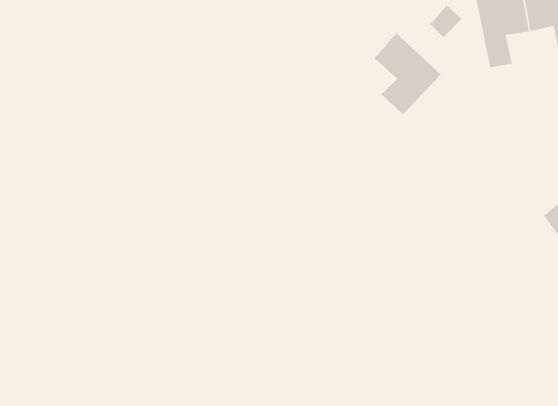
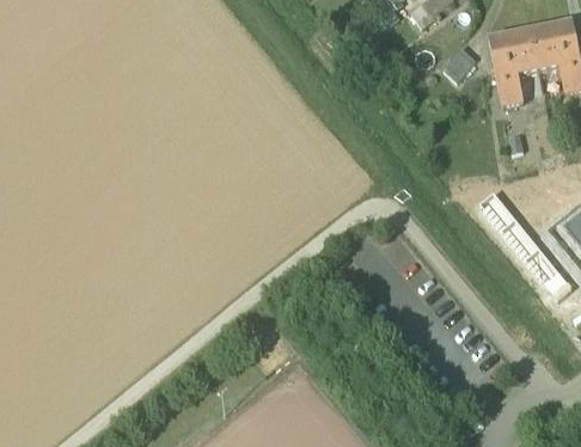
building: [374,32,442,115] -> none

